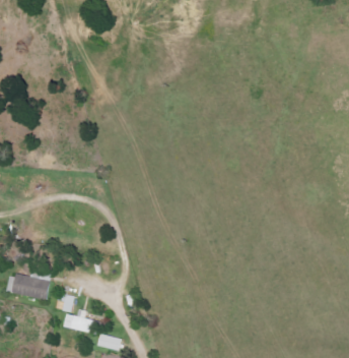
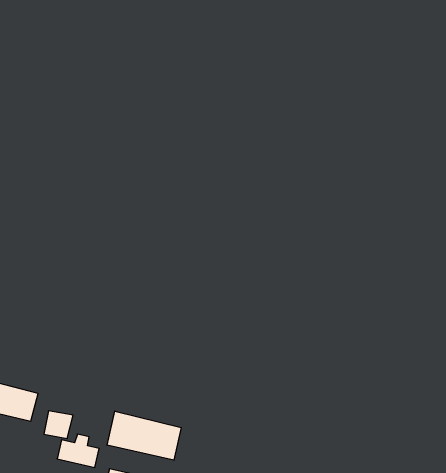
building: none -> [107,411,181,460]

